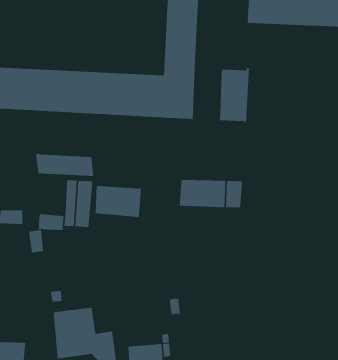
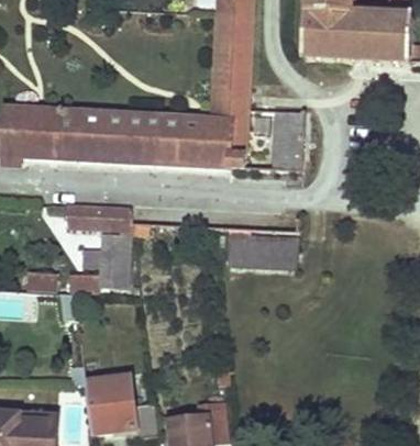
building: [95,185,141,218] -> none

